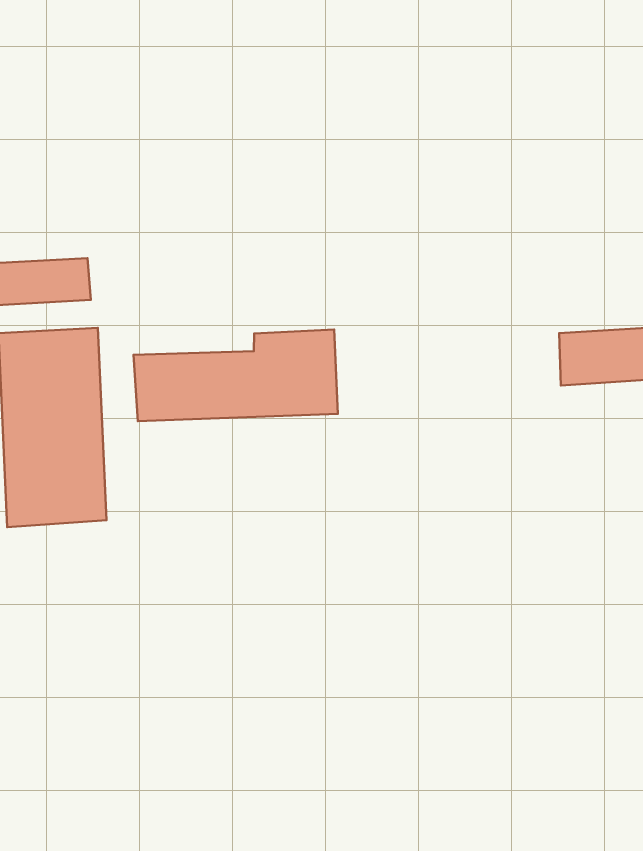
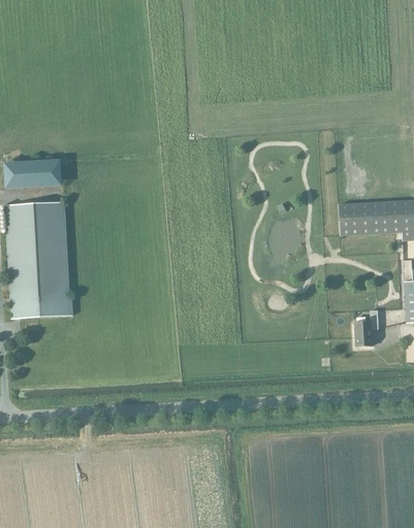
building: [134,330,338,421] -> none
building: none -> [354,309,378,345]

